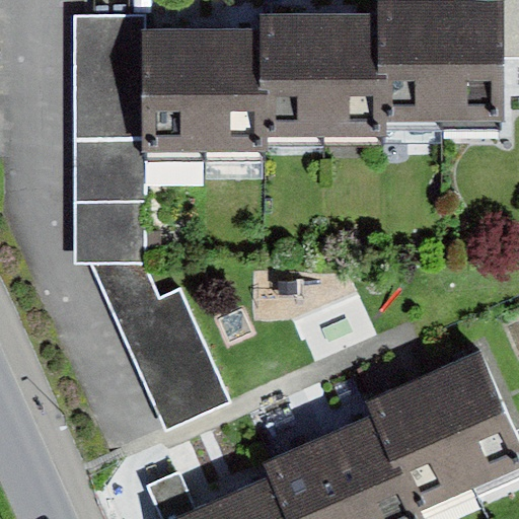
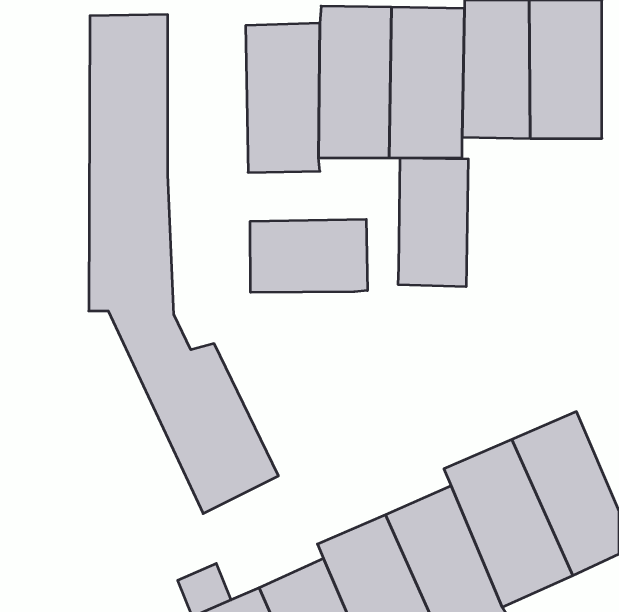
building: [140,28,207,153] -> none
building: none -> [398,158,468,287]
building: none -> [250,219,367,292]

